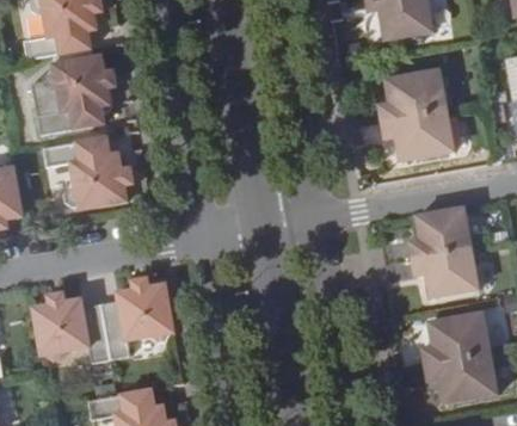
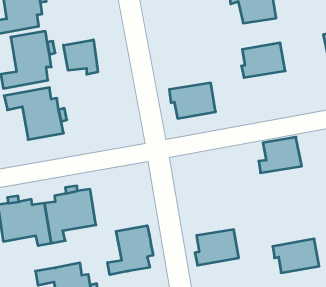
building: none -> [63,40,98,74]
building: [388,111,455,162] -> [169,83,216,118]
building: [412,248,479,296] -> none
building: [426,313,490,364] -> [195,230,239,265]
building: none -> [108,226,153,275]

